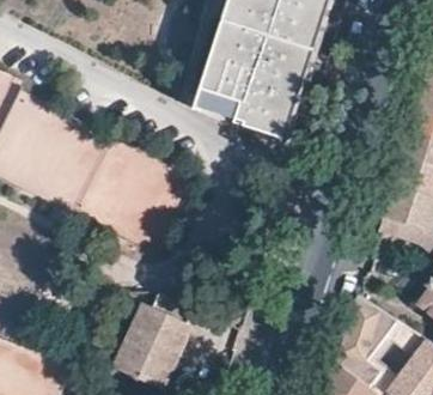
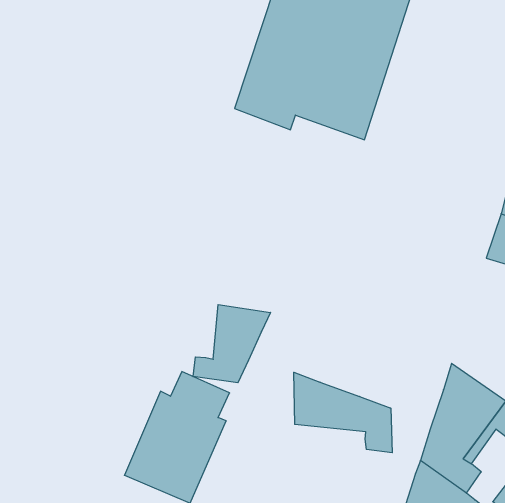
building: none -> [193,305,270,383]
building: none -> [294,372,392,453]

